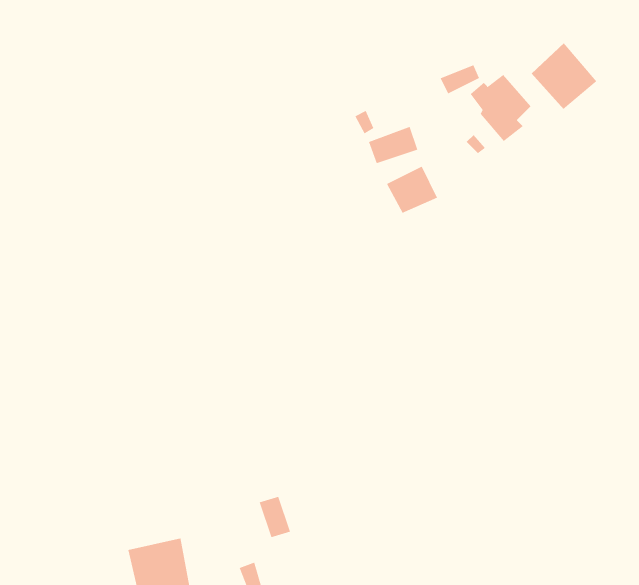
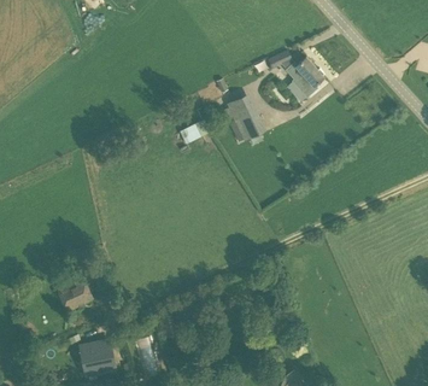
building: [531,43,597,110] -> none
building: none -> [58,273,94,311]

